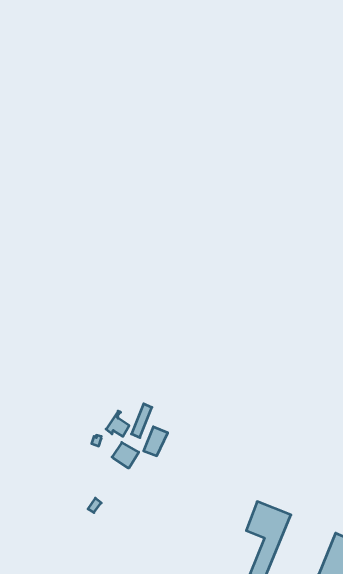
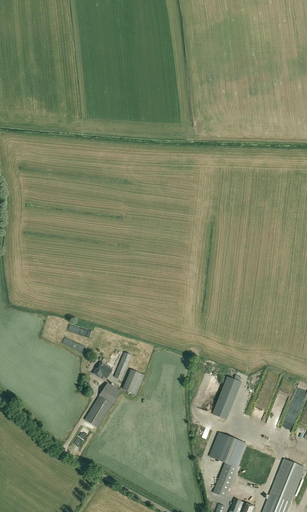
building: none -> [213,374,240,417]
building: none -> [84,397,111,428]

